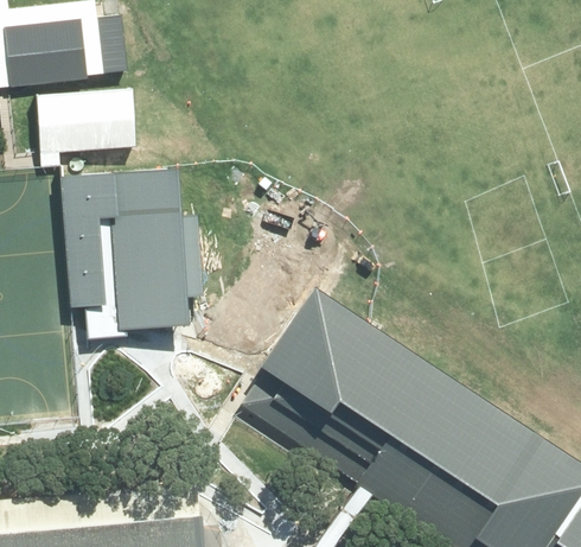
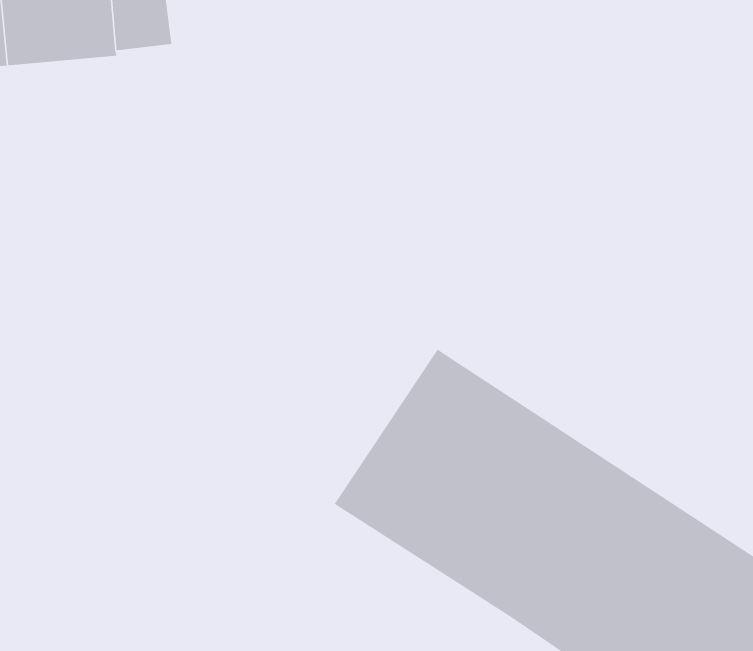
building: [42,90,132,153] -> none
building: [62,167,190,337] -> none

